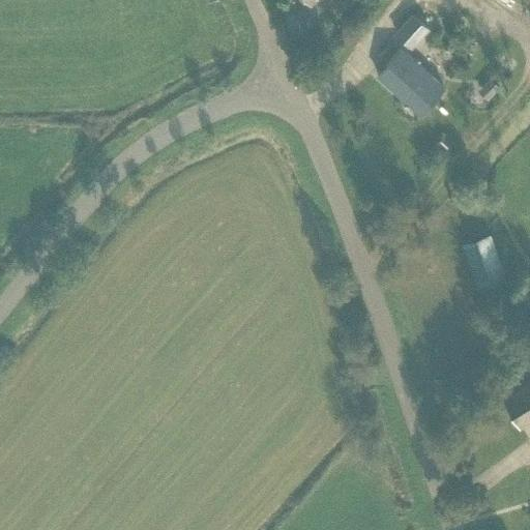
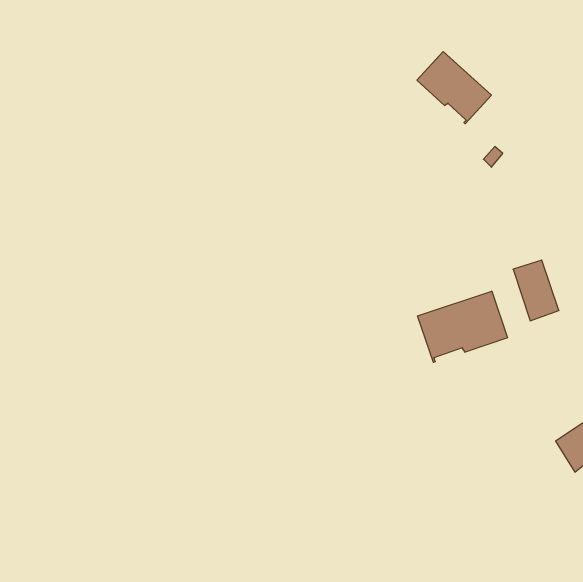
building: [399,17,431,50] -> none
building: none -> [417,291,508,362]

